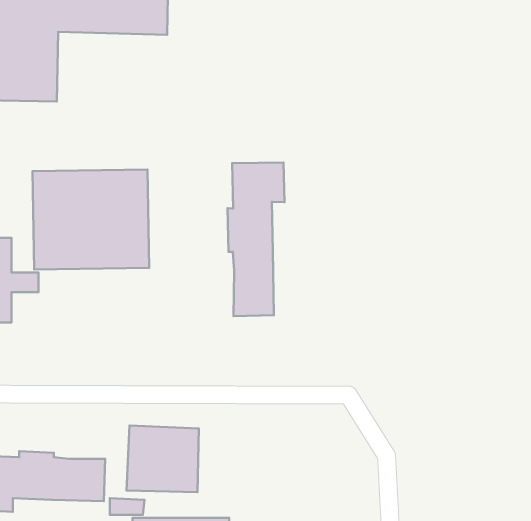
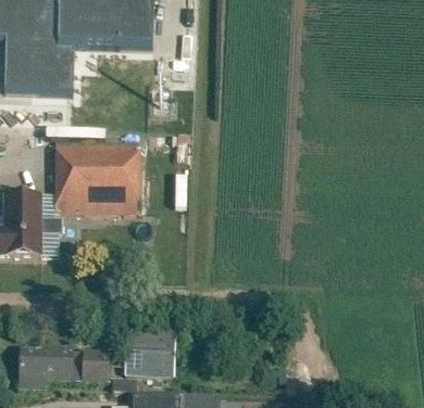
building: [227,162,285,316] -> none

